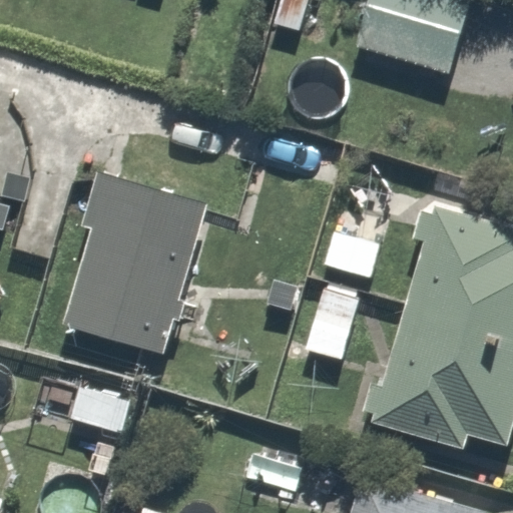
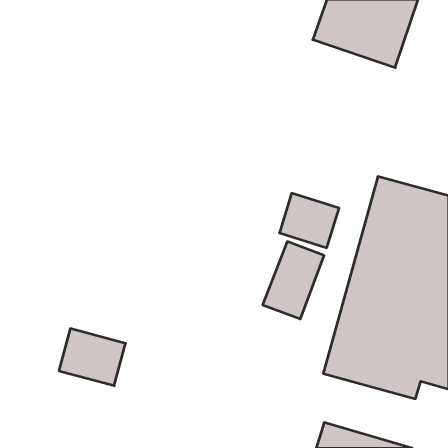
building: [64,172,205,354] -> none

